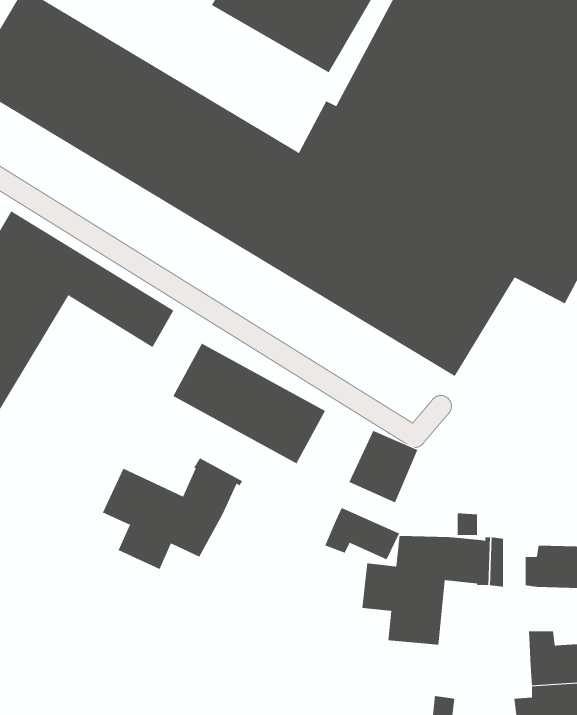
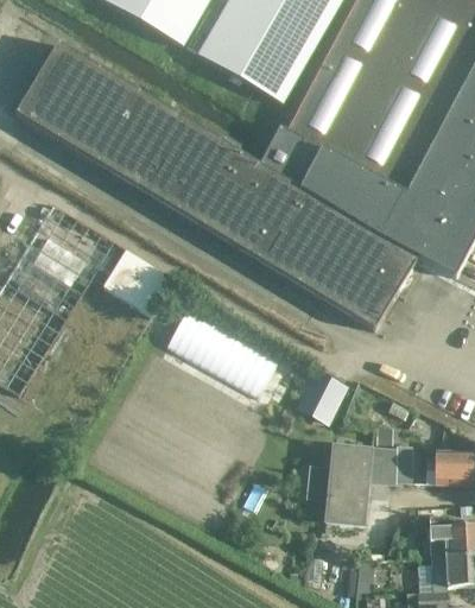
building: [102,457,243,570] -> none
building: [325,507,400,560] -> none

